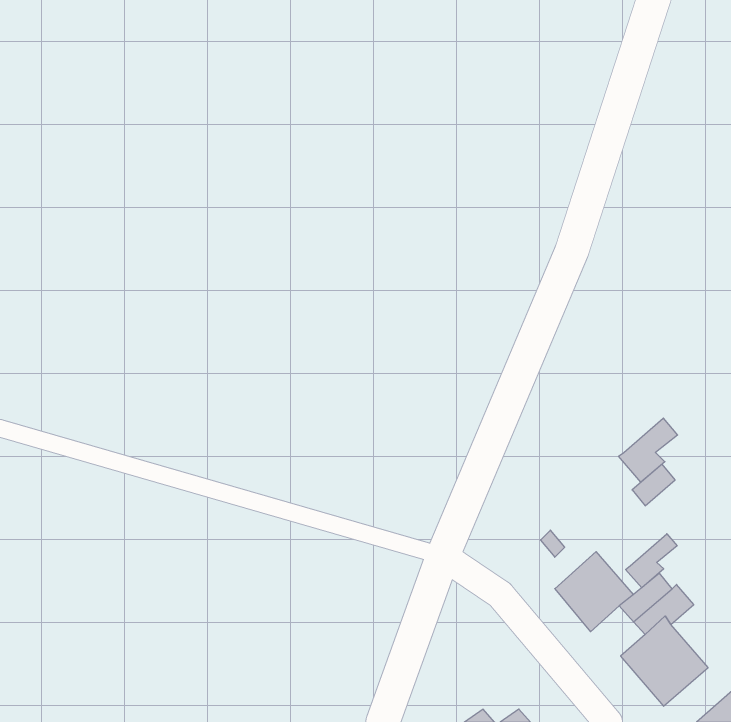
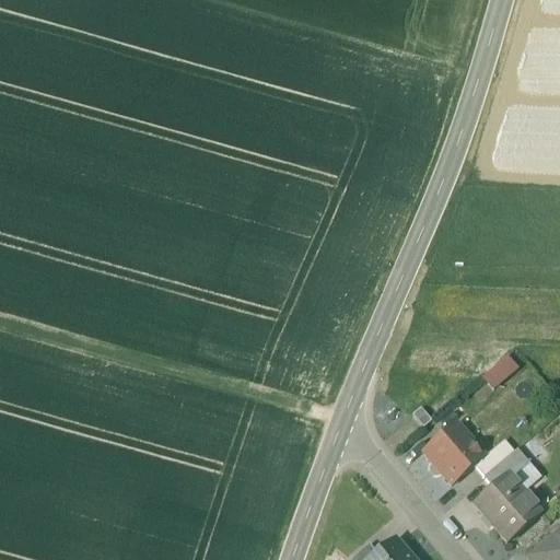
building: [619,418,678,482] -> none
building: [626,534,677,588] -> none

